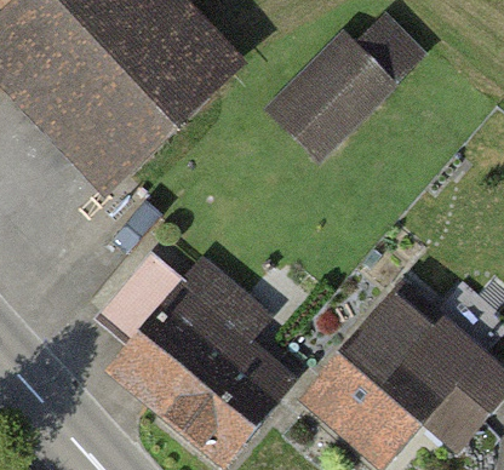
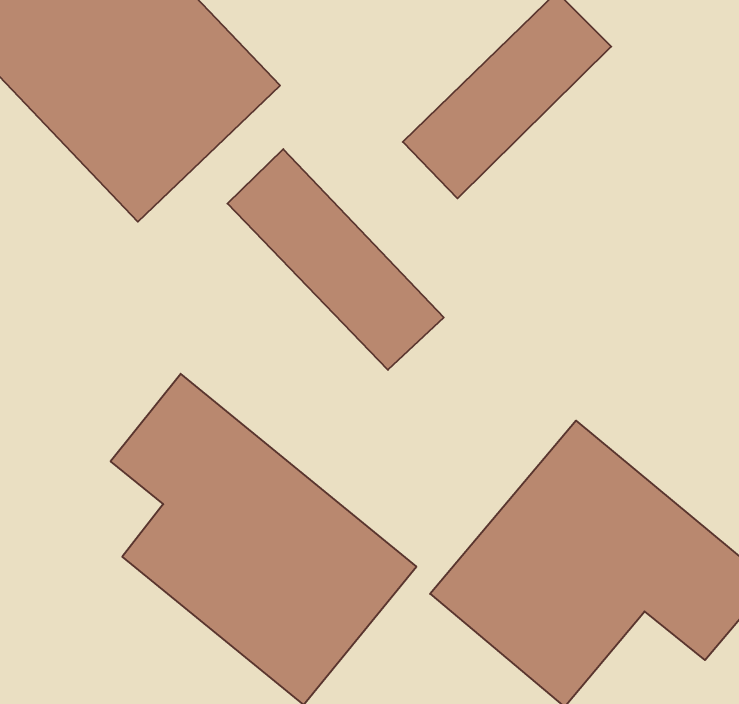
building: none -> [227,149,444,370]

